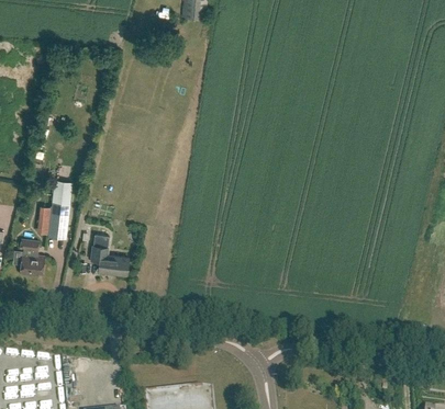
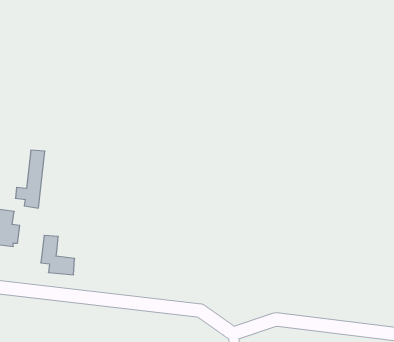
building: [91,230,125,270] -> [41,235,75,275]

